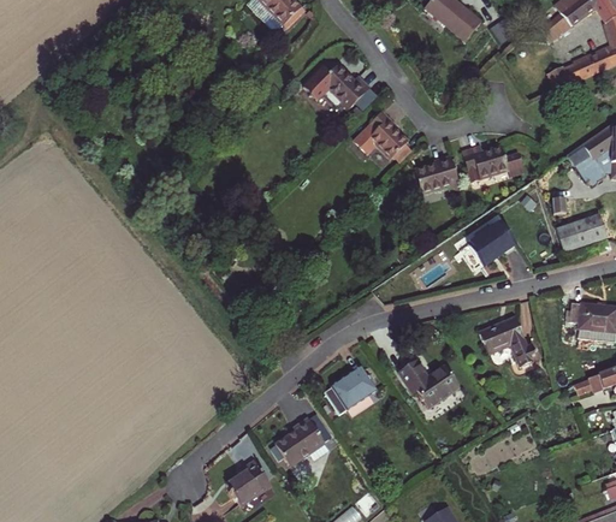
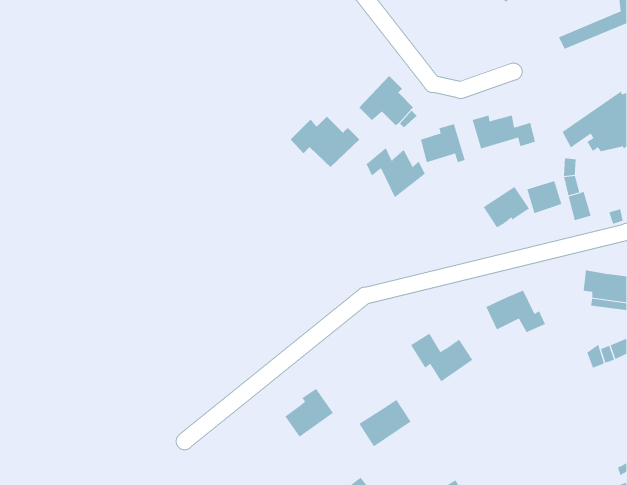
building: [303,67,372,118] -> [290,116,360,168]
building: none -> [366,147,425,198]
building: [571,215,606,248] -> [526,181,562,214]
building: [327,368,379,415] -> [359,399,412,447]
building: [225,455,267,500] -> none

